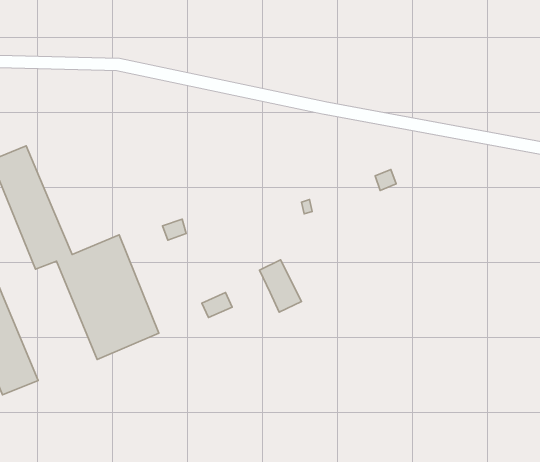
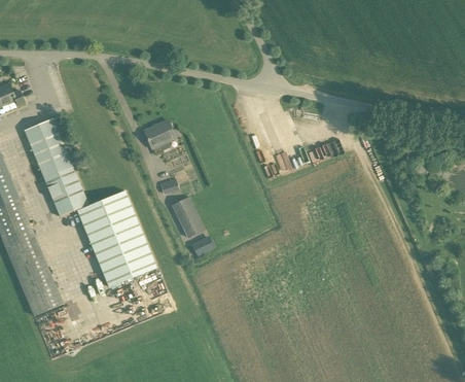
building: none -> [143,120,174,149]
building: [260,260,302,312] -> [171,196,204,237]

